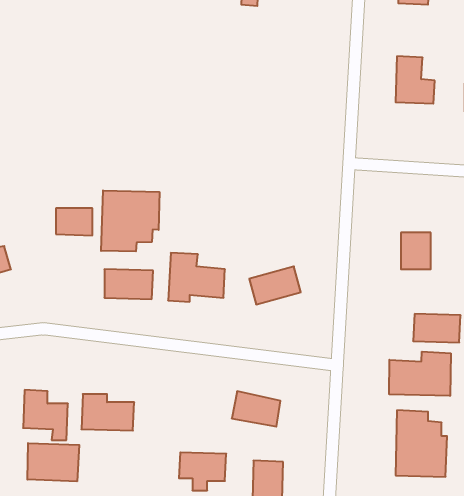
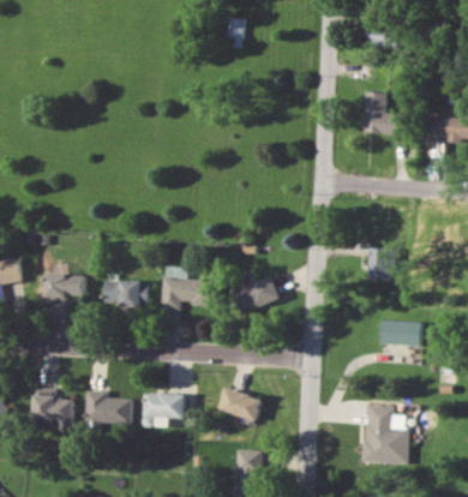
building: [101,190,159,251] -> none
building: [56,208,92,235] -> [50,274,83,298]
building: [389,352,451,396] -> none
building: [27,443,79,481] -> none
building: [179,452,226,490] -> [143,393,185,426]

